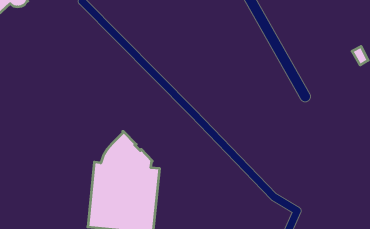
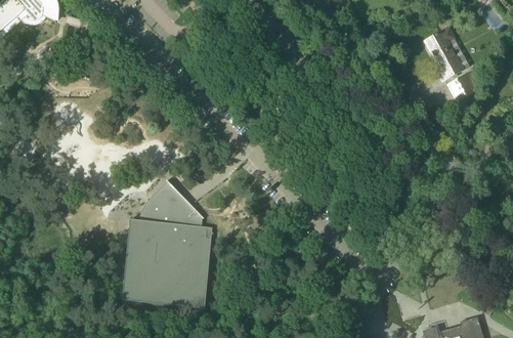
building: none -> [425,27,464,80]

